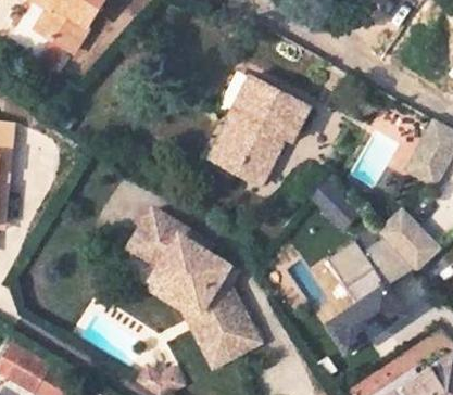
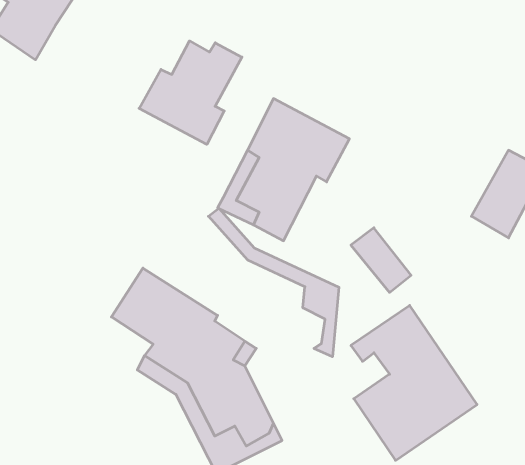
building: none -> [139,41,242,144]
building: none -> [208,208,339,357]
building: [374,209,437,271] -> none

